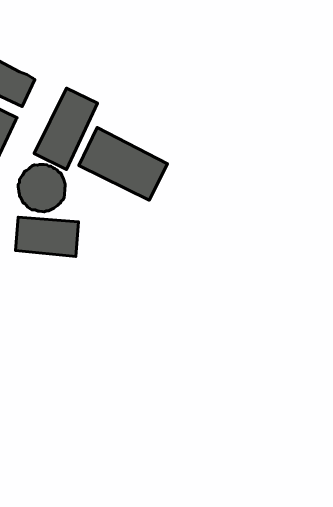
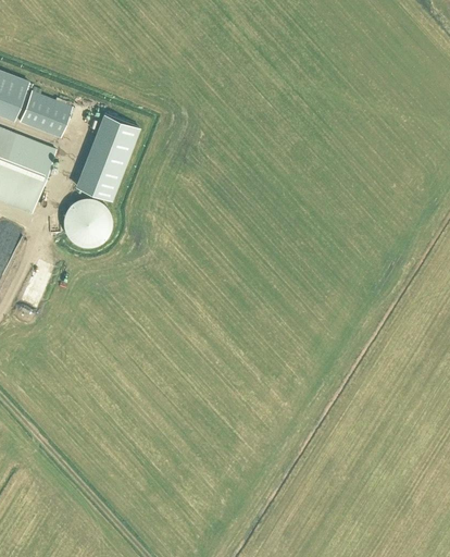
building: [79,128,167,200] -> none
building: [15,217,78,256] -> none

